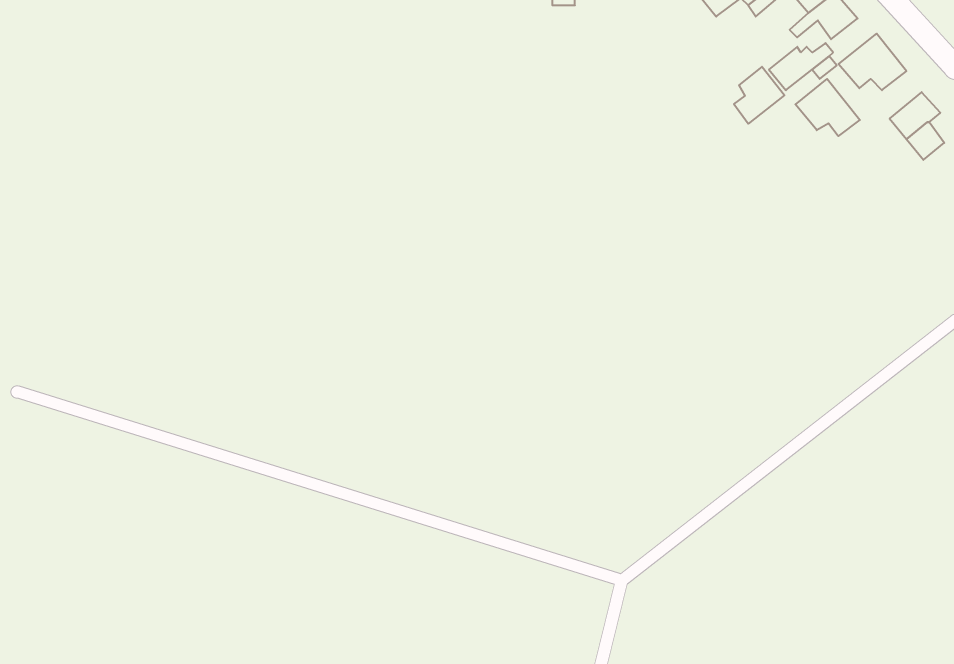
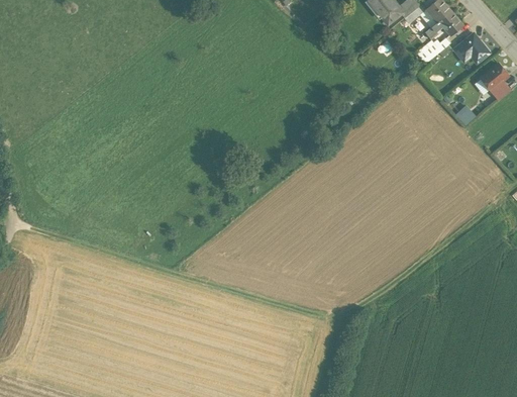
building: [734,67,784,124] -> none
building: [795,79,860,136] -> none

